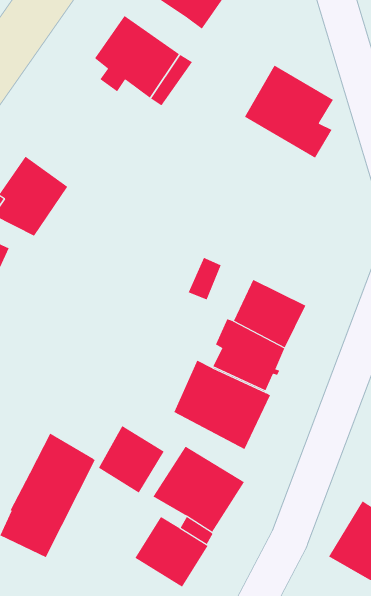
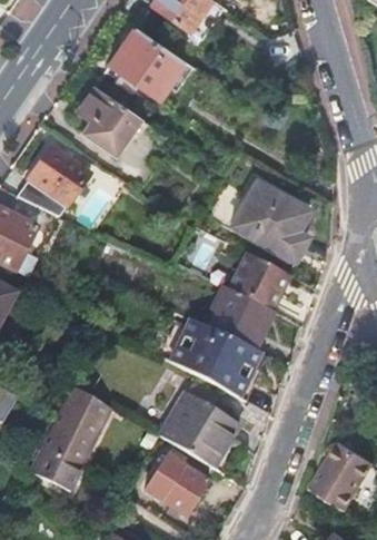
building: [244,65,334,159] -> [232,180,309,261]
building: none -> [78,86,140,155]
building: [98,425,164,493] -> none

